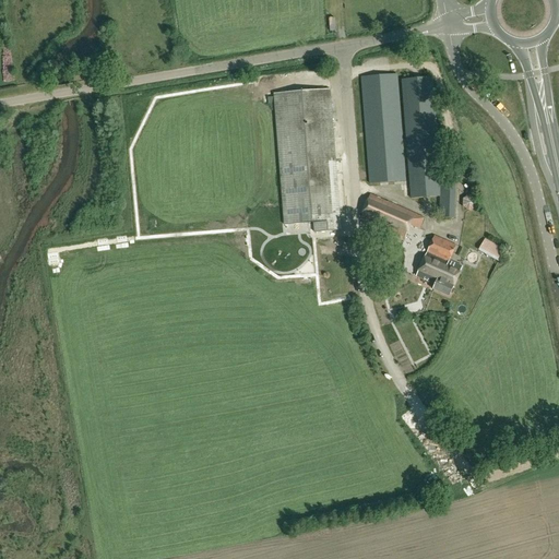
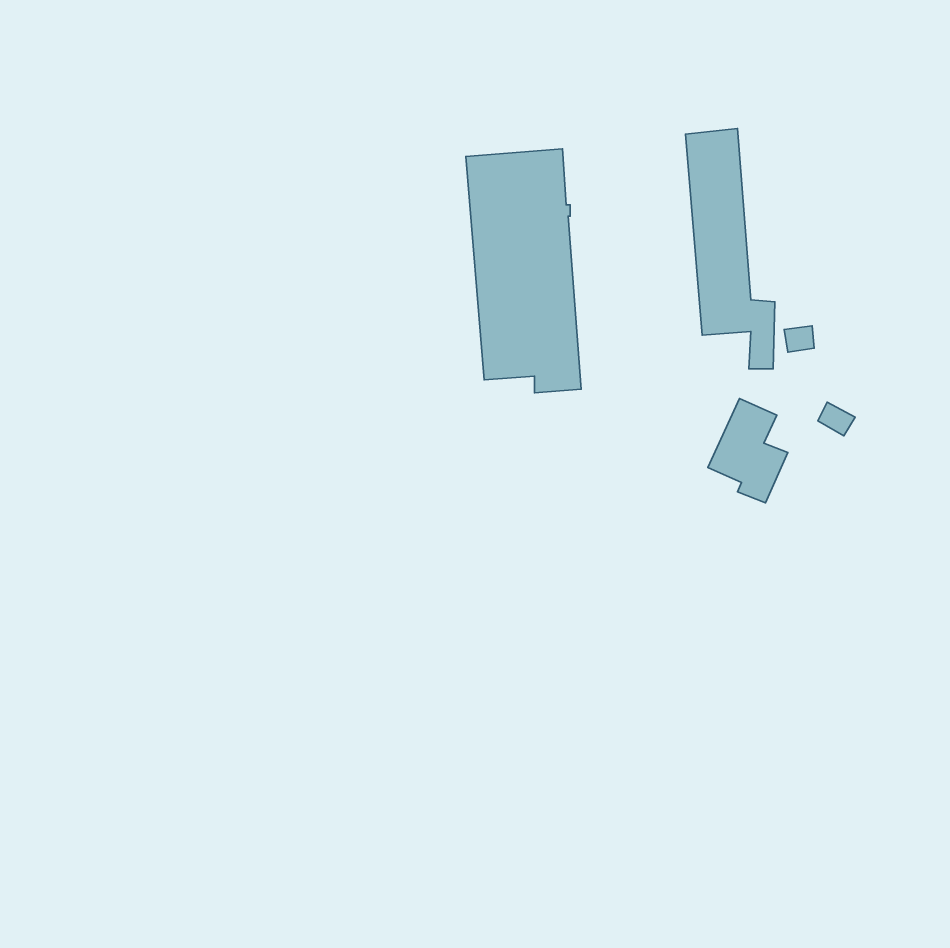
building: [361,72,404,181] -> none
building: [360,193,425,236] -> none

